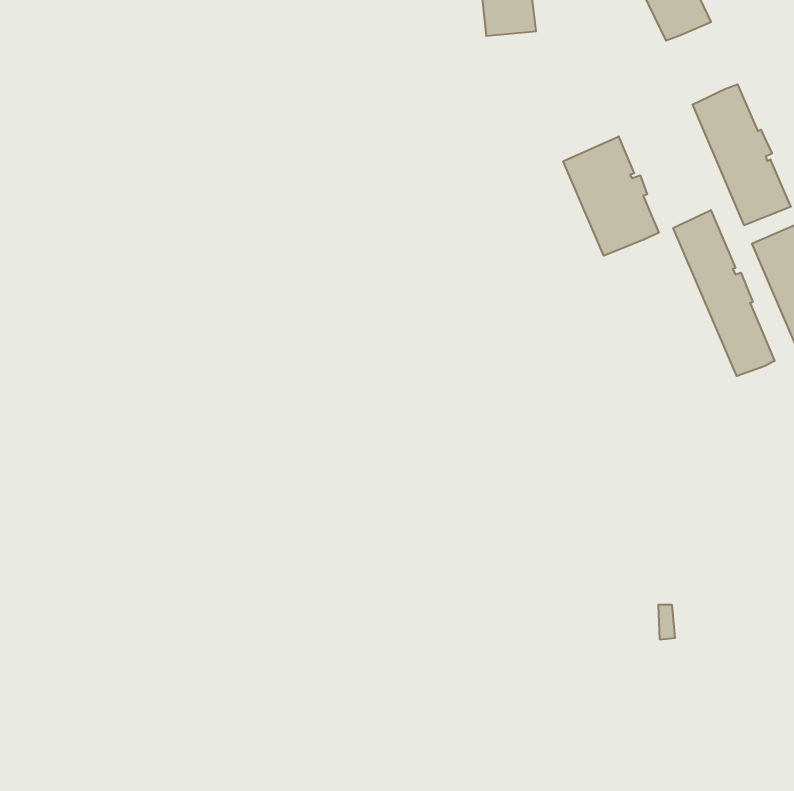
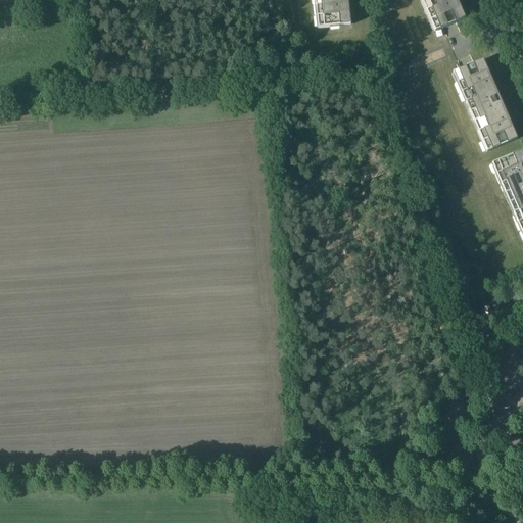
building: [563,136,659,256] -> none
building: [673,210,775,376] -> none

